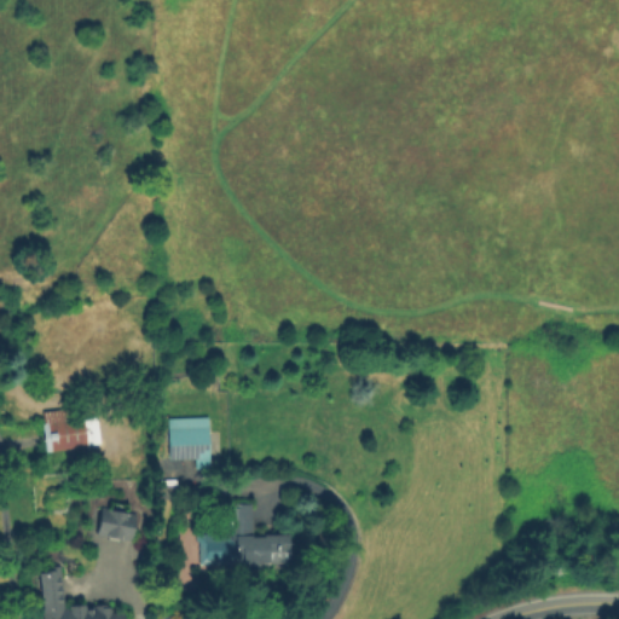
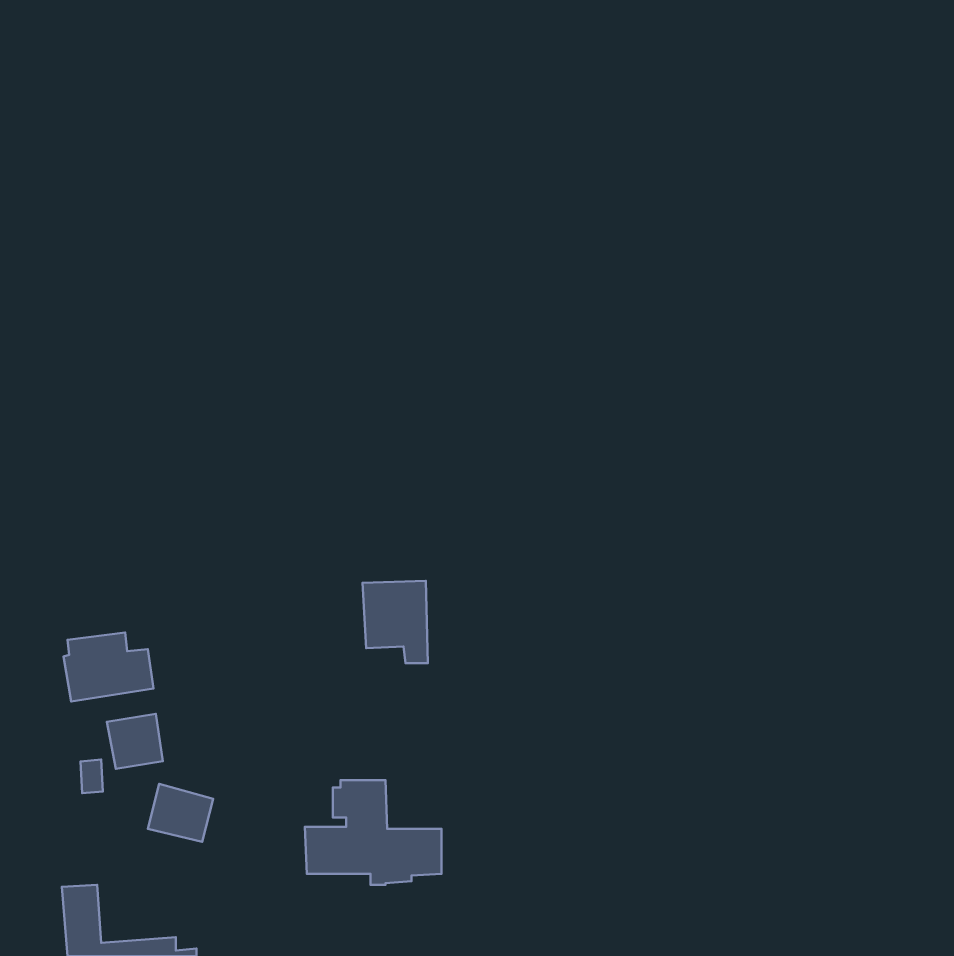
building: [168,417,210,470] -> [362,581,428,663]
building: none -> [107,714,163,769]

